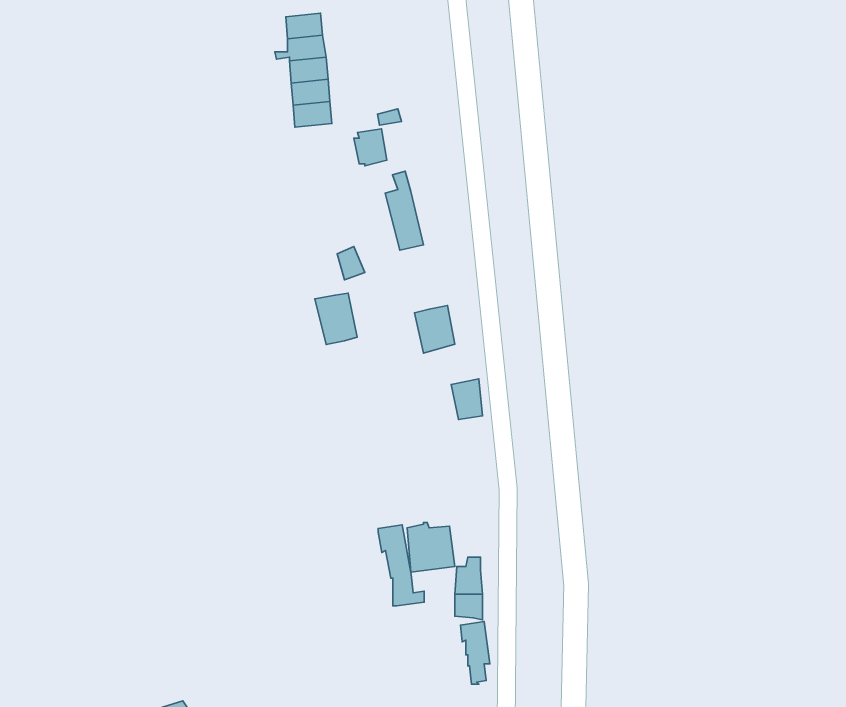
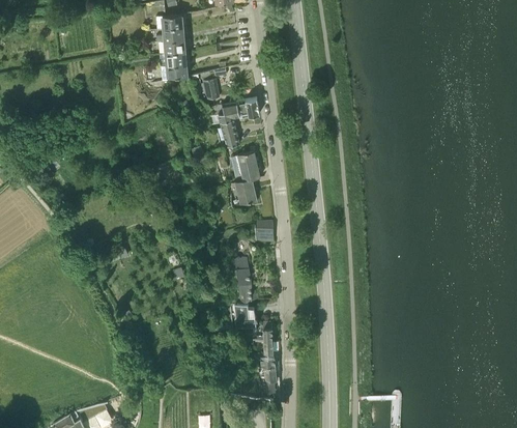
building: none -> [229,98,260,119]
building: [315,293,357,345] -> [236,152,260,181]
building: [378,525,424,606] -> [231,256,257,302]

